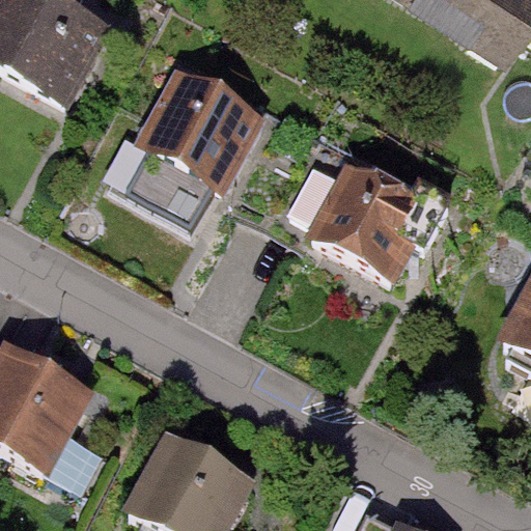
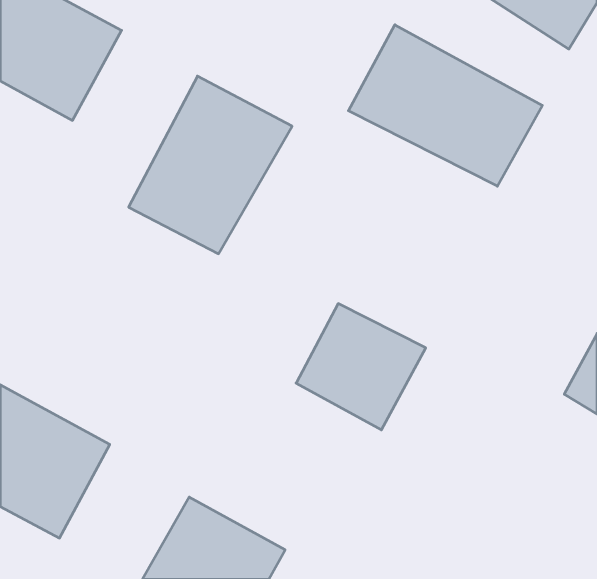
building: none -> [348,25,542,186]
building: [317,164,432,276] -> [296,304,426,430]

